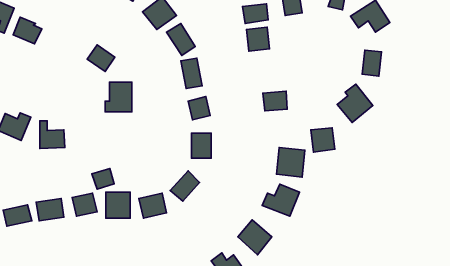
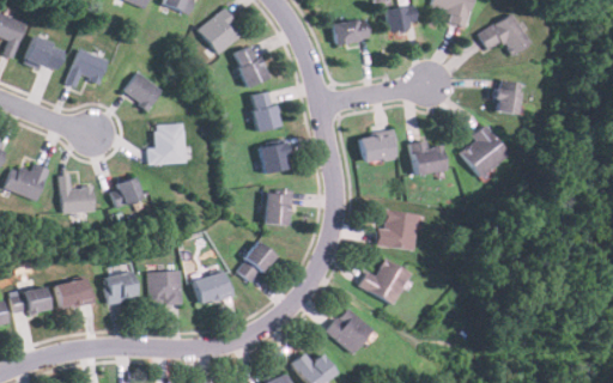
building: none -> [66,48,109,87]
building: [247,27,270,51] -> none
building: [311,128,335,152] -> [412,142,444,175]
building: [92,169,114,189] -> [111,178,141,206]

